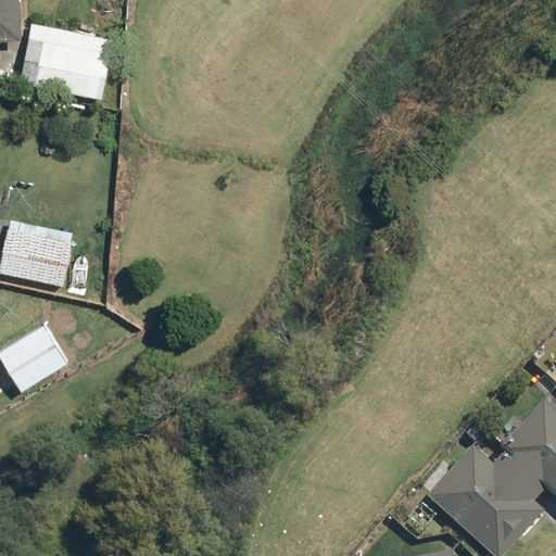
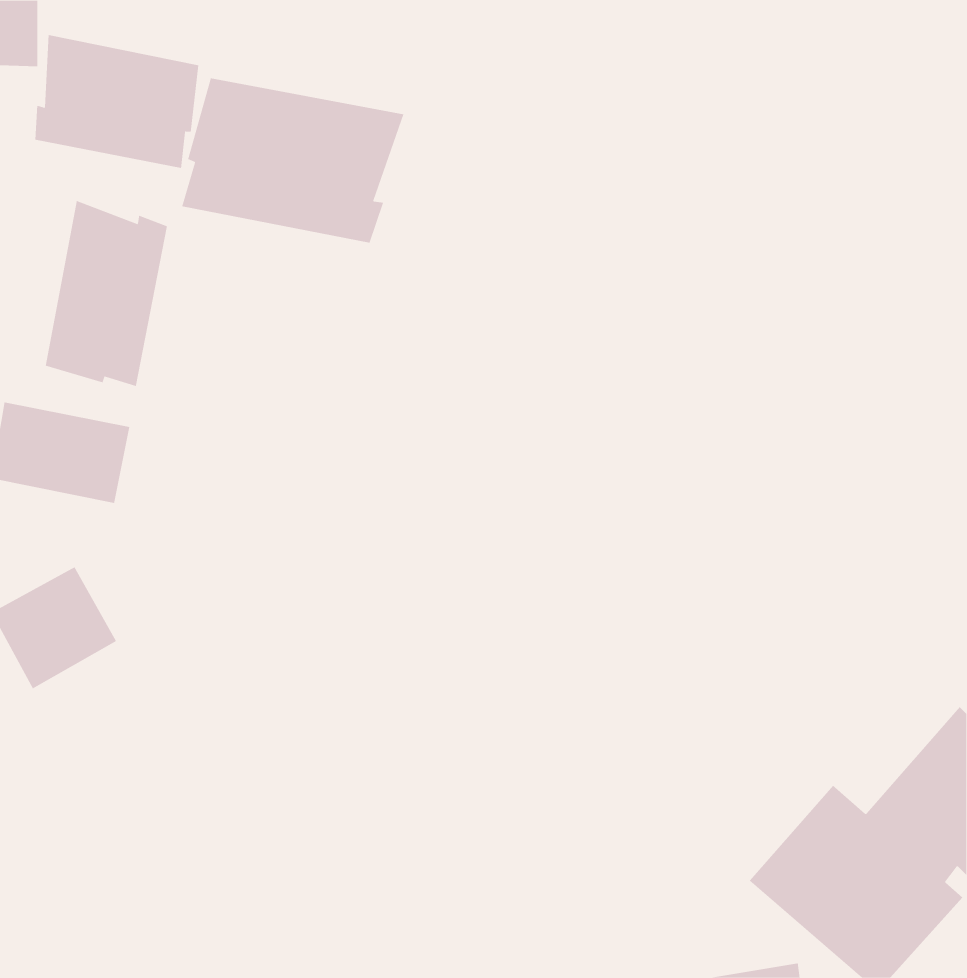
building: none -> [182,78,404,243]
building: none -> [45,200,168,387]

